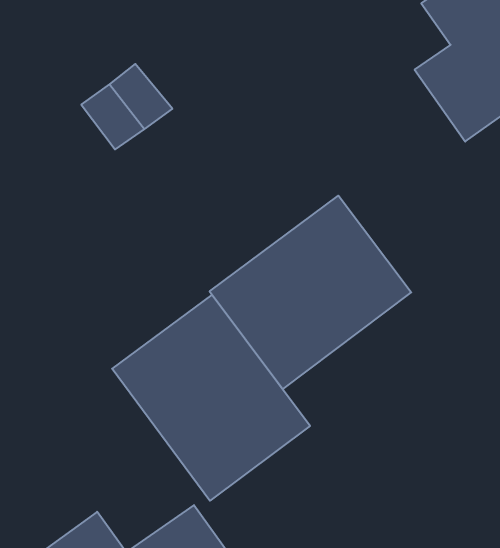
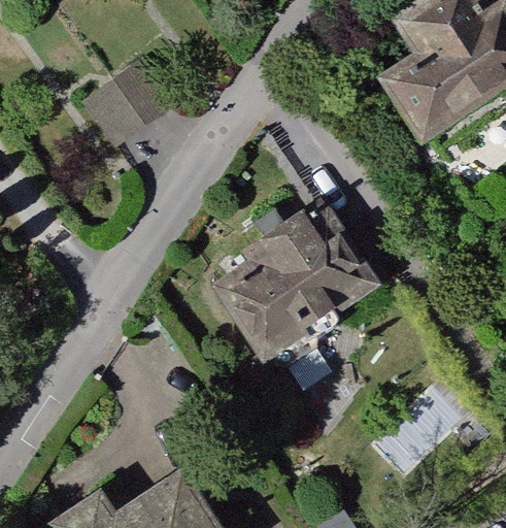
building: [112,295,310,501] -> none

